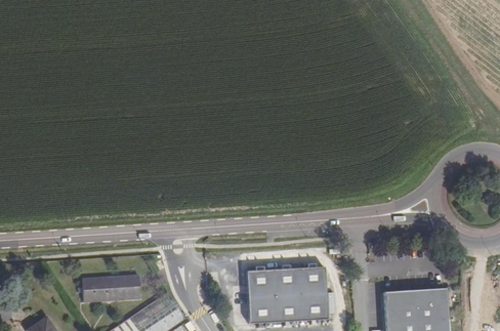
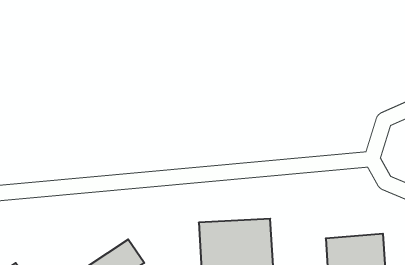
building: [82,275,140,301] -> none

